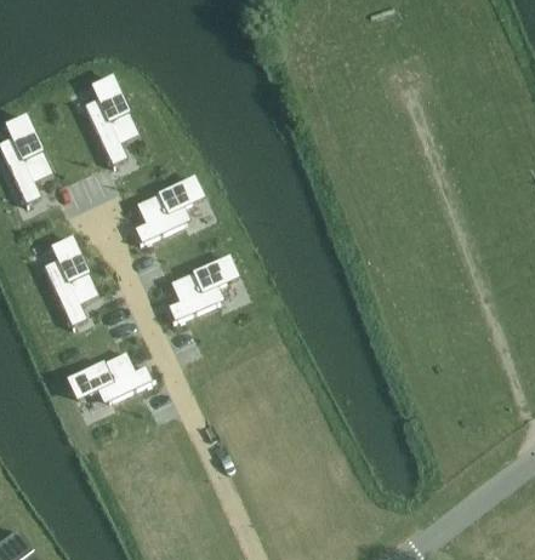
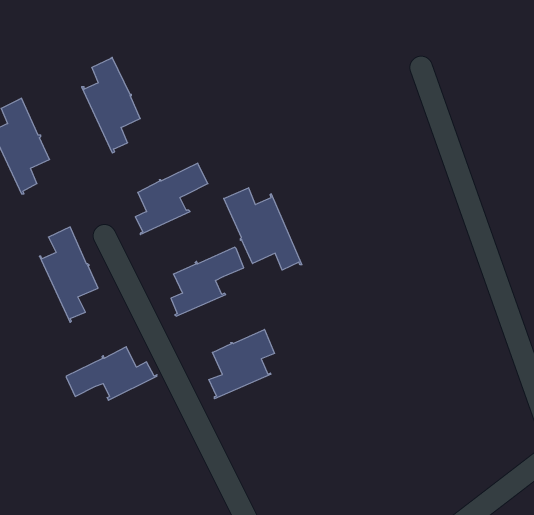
building: none -> [224,188,302,270]
building: none -> [209,329,275,399]

